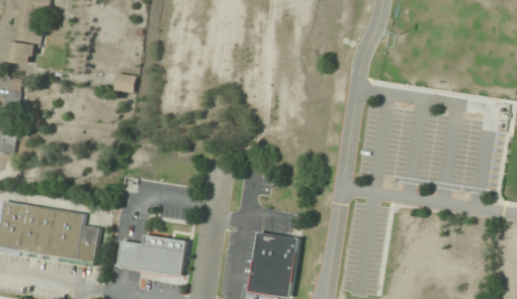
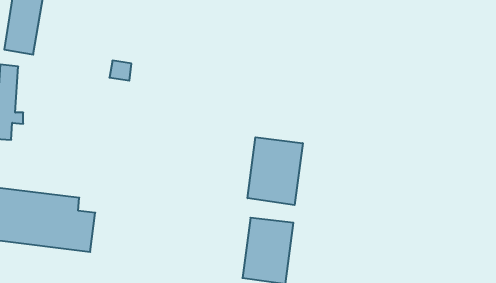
building: none -> [248,137,303,205]
building: [116,234,186,275] -> none

